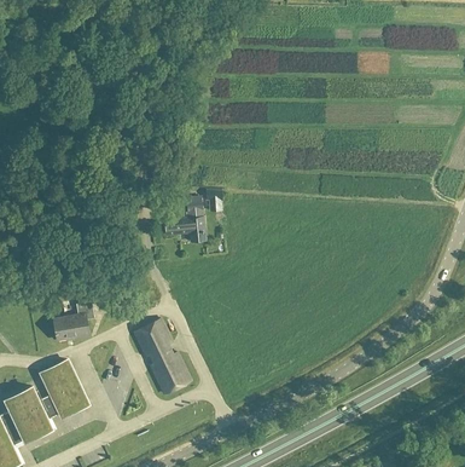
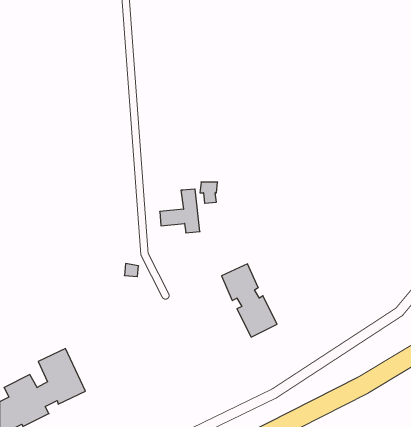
building: [53,301,94,340] -> none
building: [134,319,191,394] -> [222,264,277,337]

